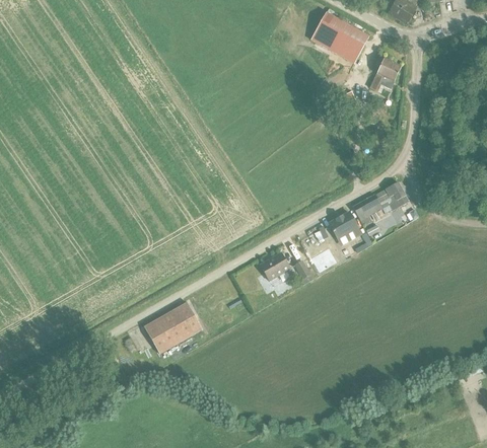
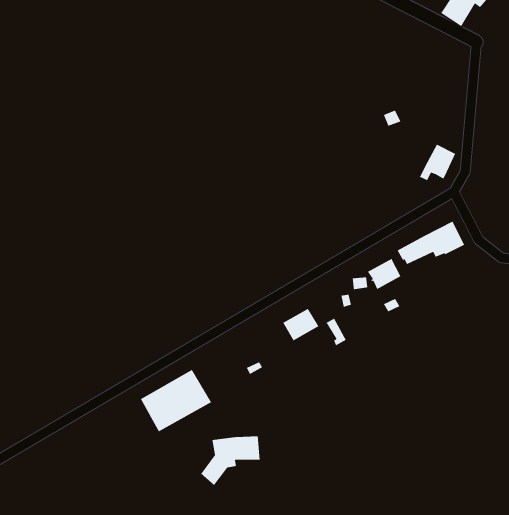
building: [311,13,368,63] -> none
building: [371,58,402,88] -> [419,144,456,181]
building: none -> [200,436,261,486]

